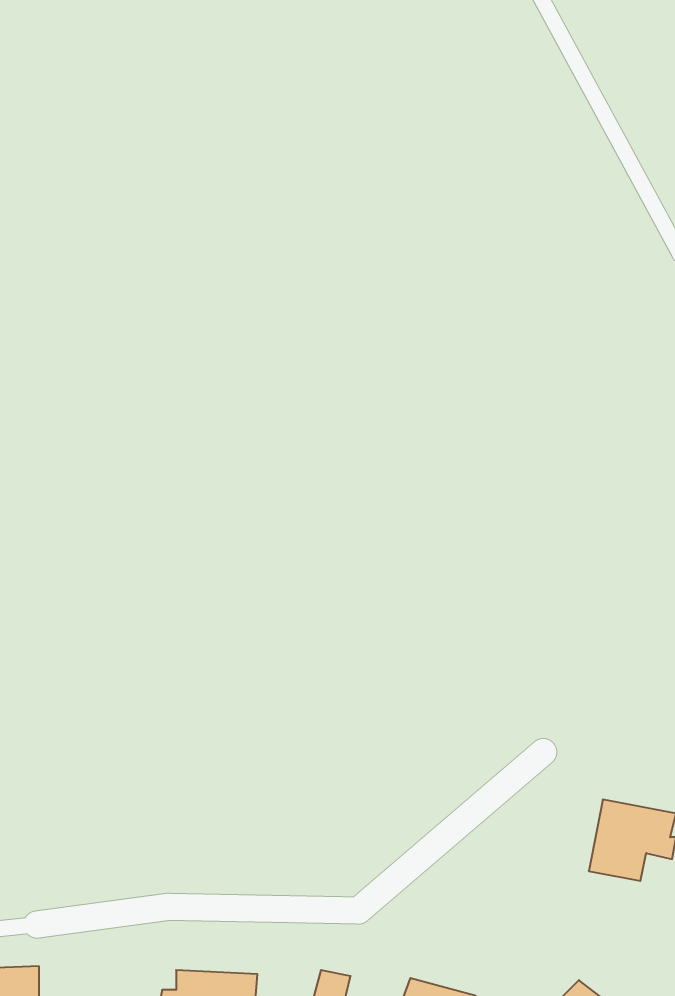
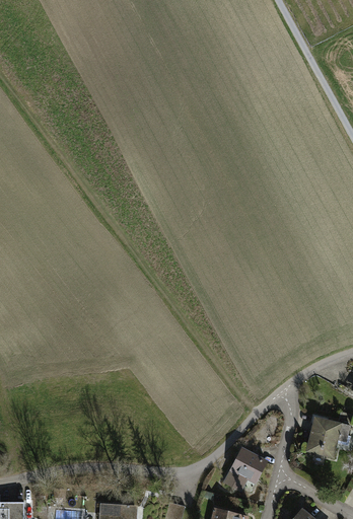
building: none -> [224,447,269,493]

